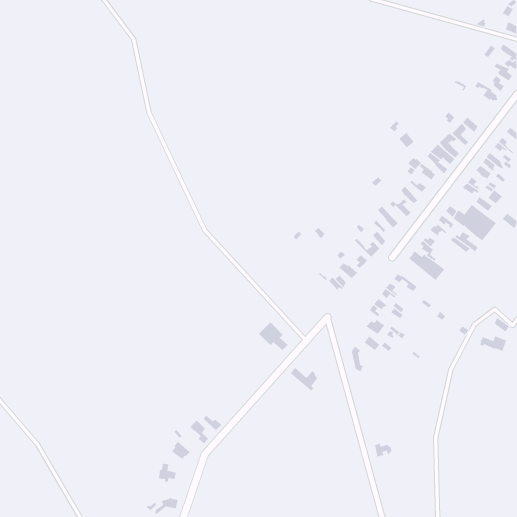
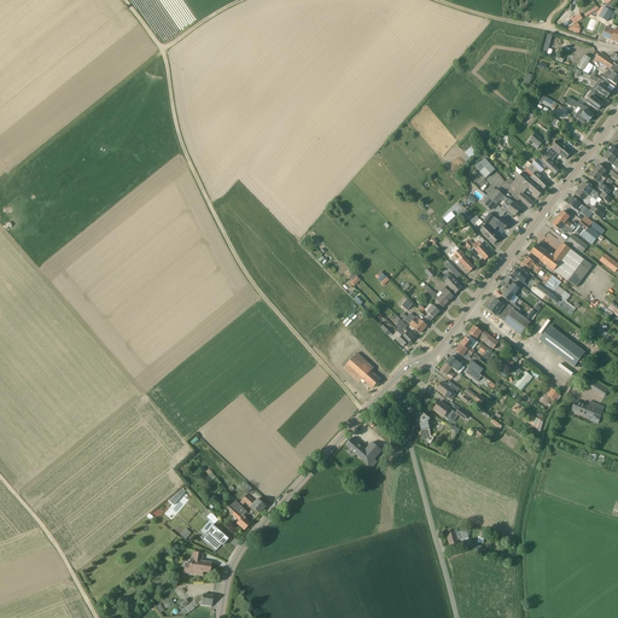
building: none -> [537,325,584,366]
building: [258,322,289,351] -> [344,350,380,385]

